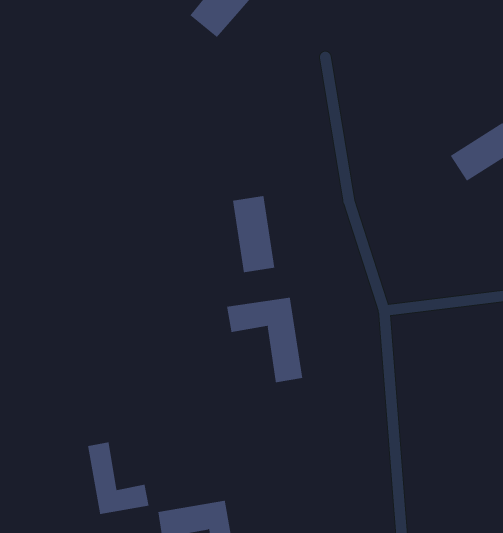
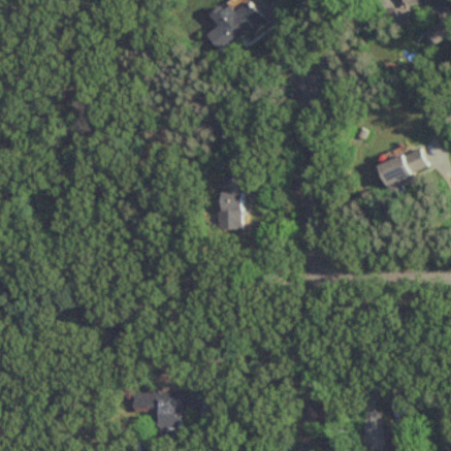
building: [227,297,303,383] -> none
building: [88,441,149,515] -> none

